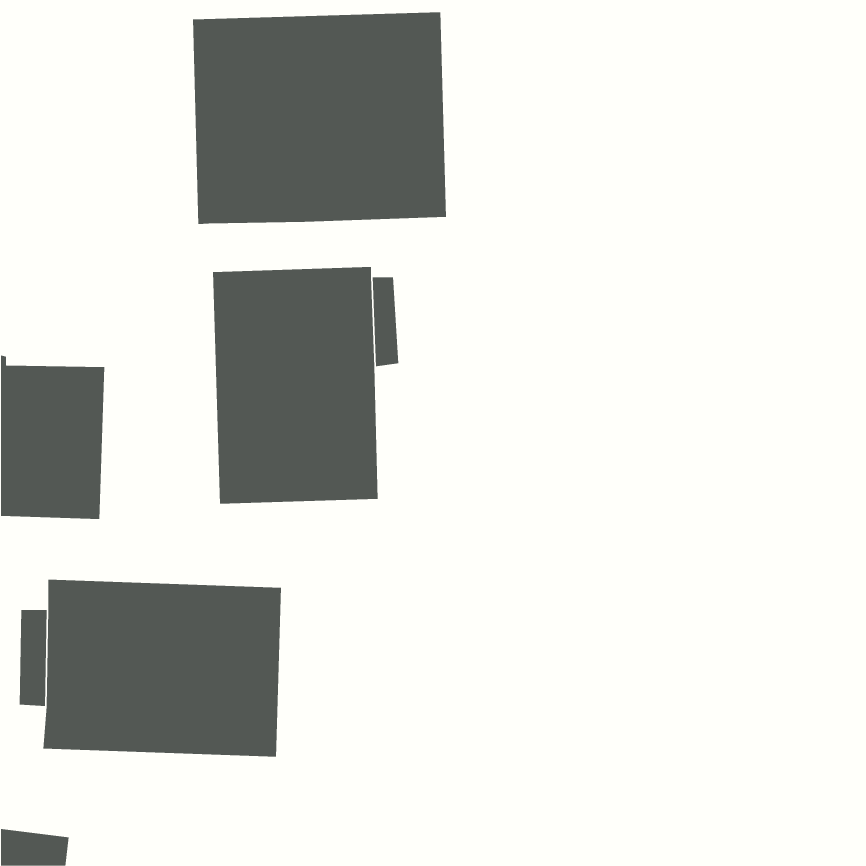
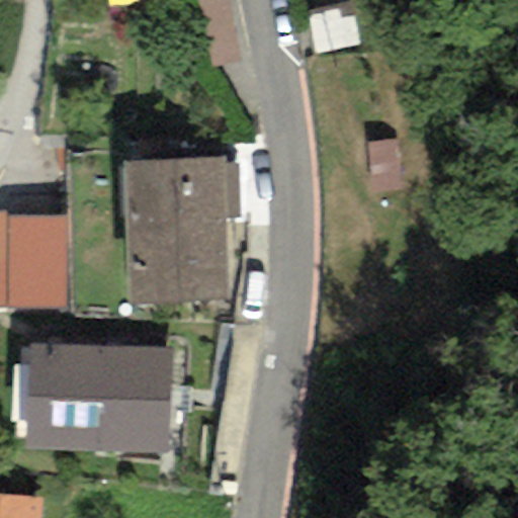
building: [192,12,446,225] -> none

